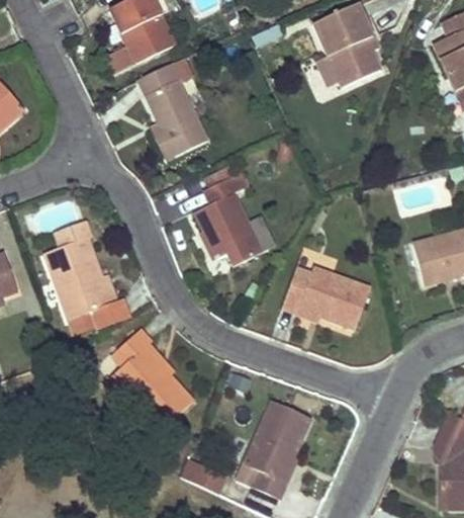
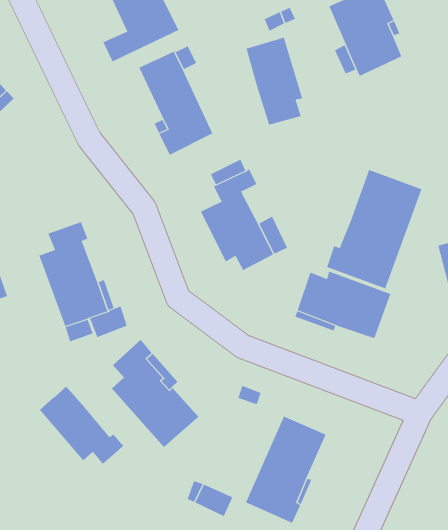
building: none -> [246,37,303,125]
building: none -> [326,169,422,289]
building: none -> [39,386,124,465]

